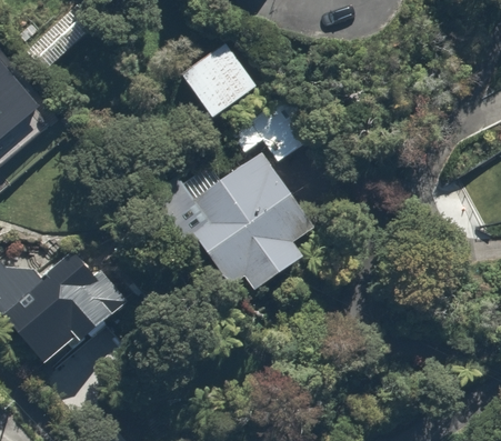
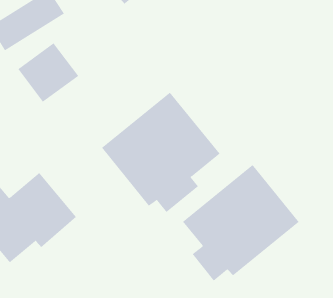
building: [173,40,258,122] -> [17,42,79,103]
building: none -> [182,164,299,282]

